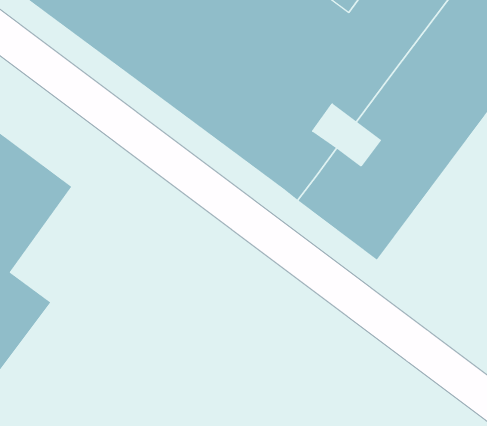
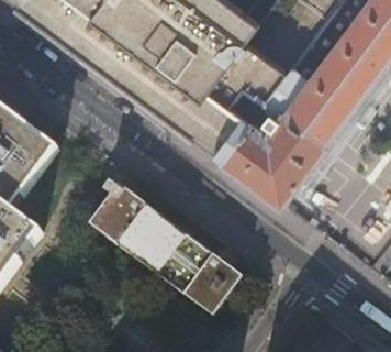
building: none -> [91,186,244,318]

